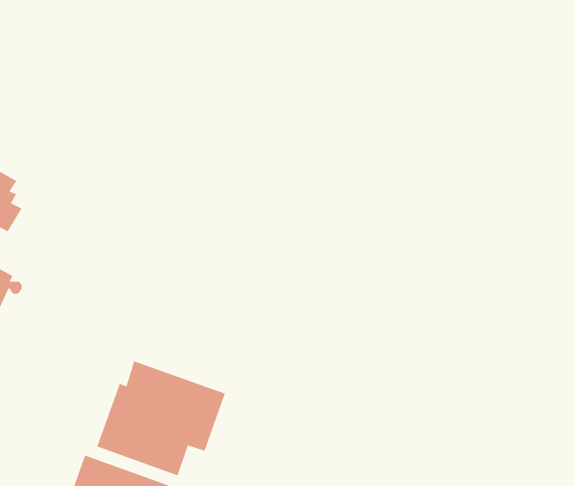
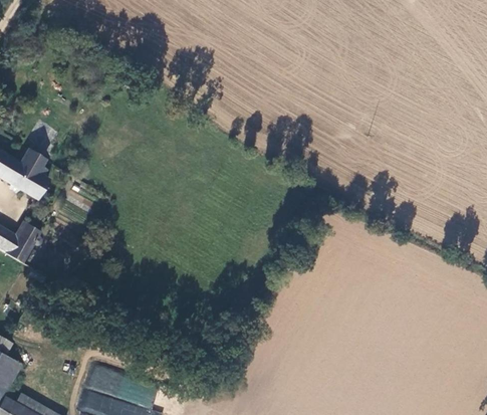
building: [96,360,226,476] -> none

